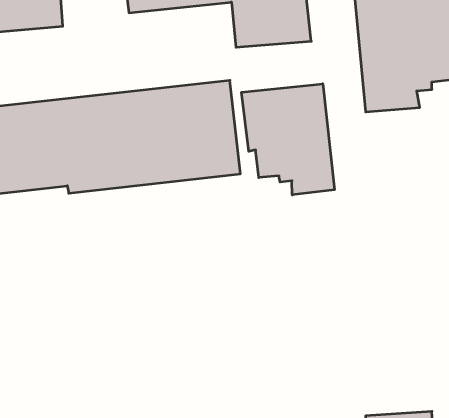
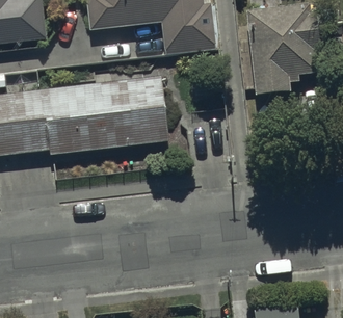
building: [242,84,334,195] -> none

